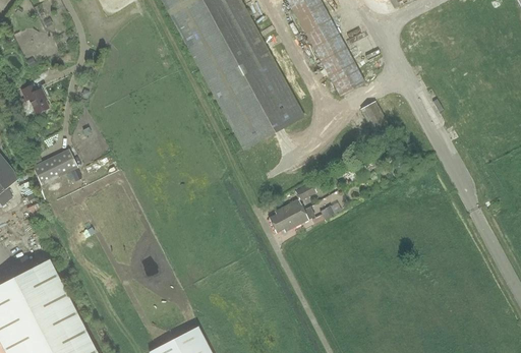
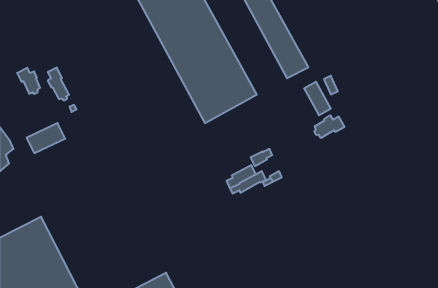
building: none -> [48,67,69,101]
building: none -> [314,115,344,138]

